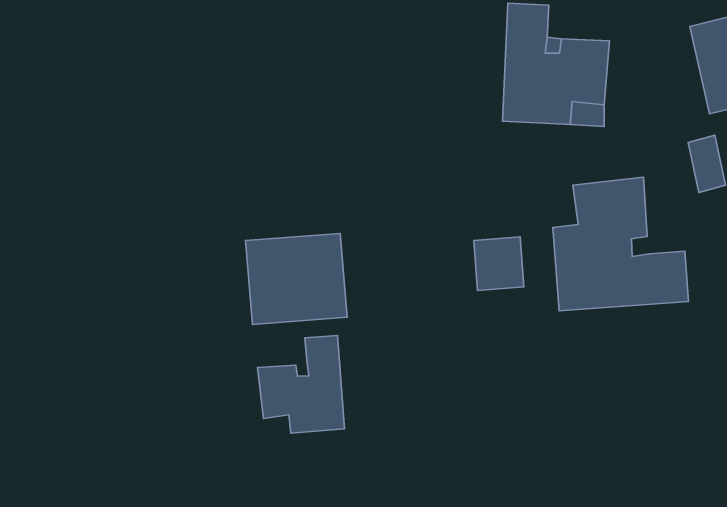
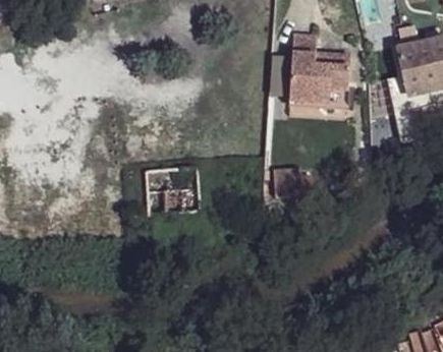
building: [553,177,688,311] -> none
building: [258,335,344,433] -> none

